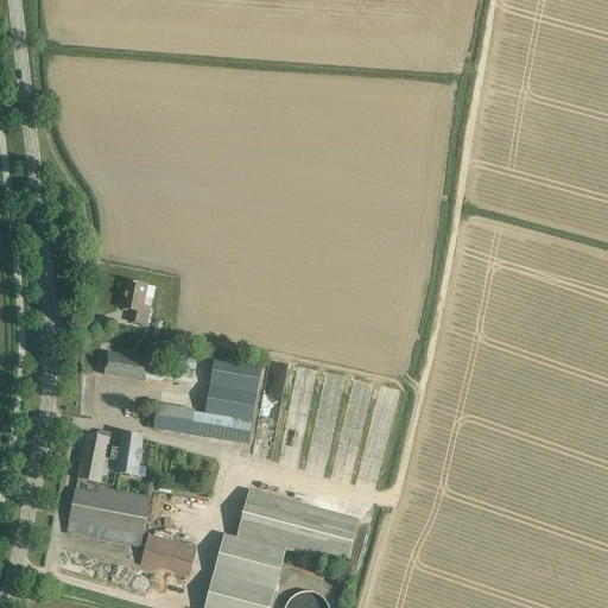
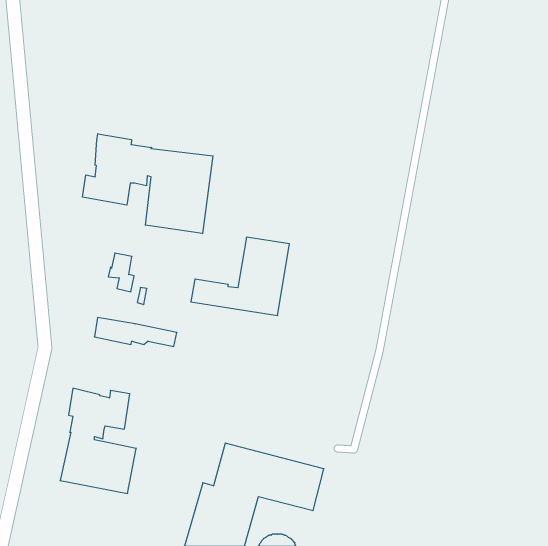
building: none -> [82,134,213,234]
building: [153,357,262,444] -> [191,237,289,316]
building: [141,533,197,575] -> none

